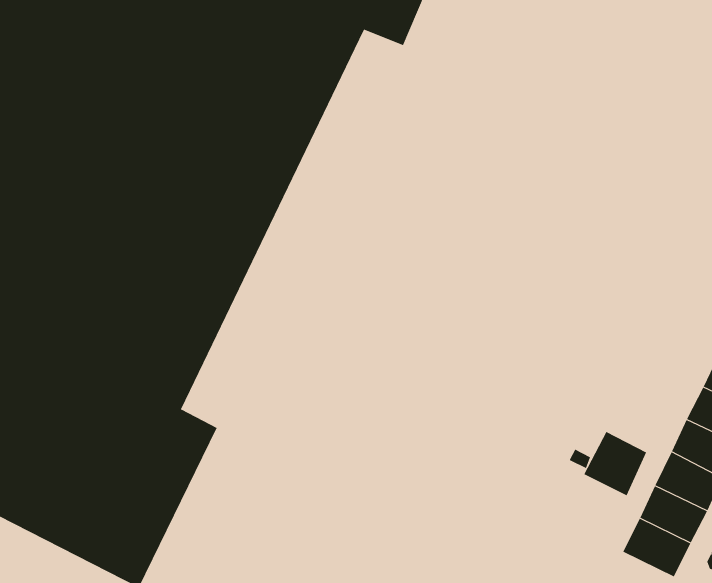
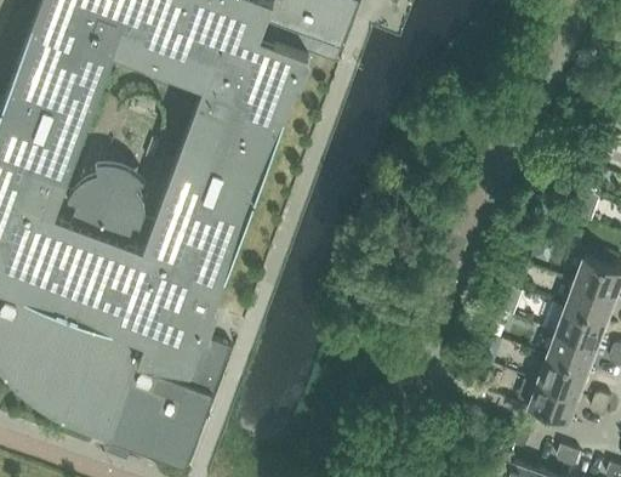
building: [583,431,647,496] -> none

